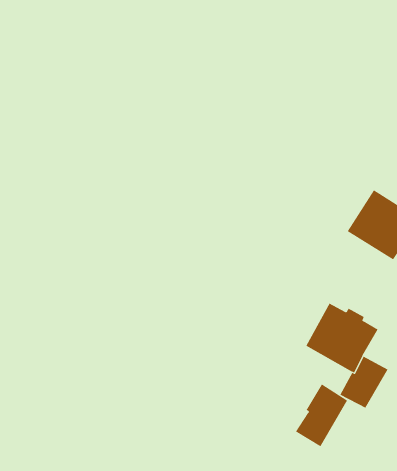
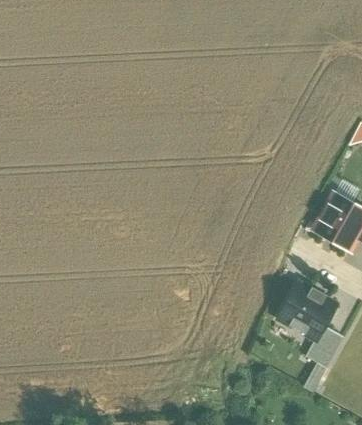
building: [295,383,348,447] -> none

